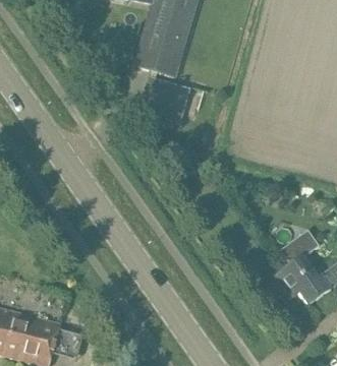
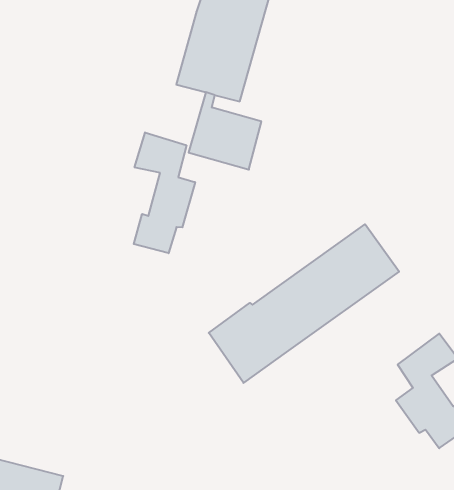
building: none -> [134,132,195,253]
building: none -> [209,224,399,383]

